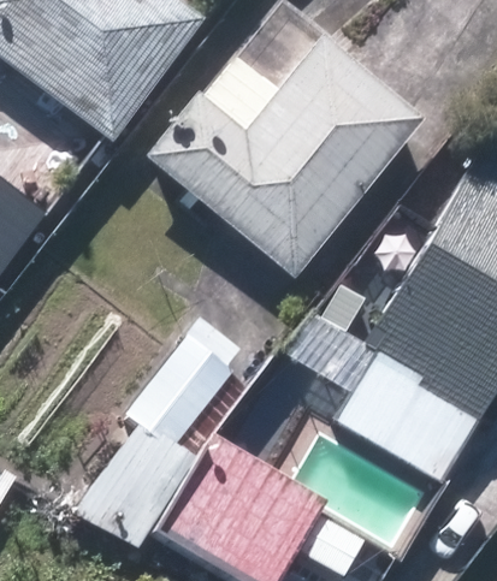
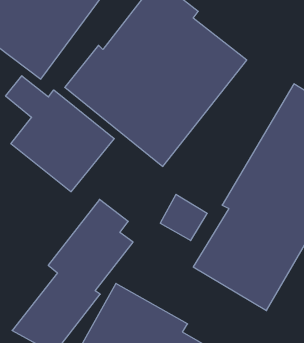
building: none -> [6,76,114,192]

